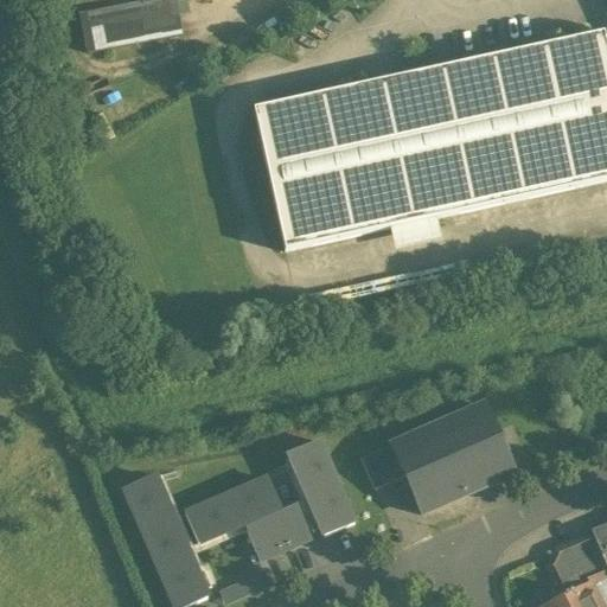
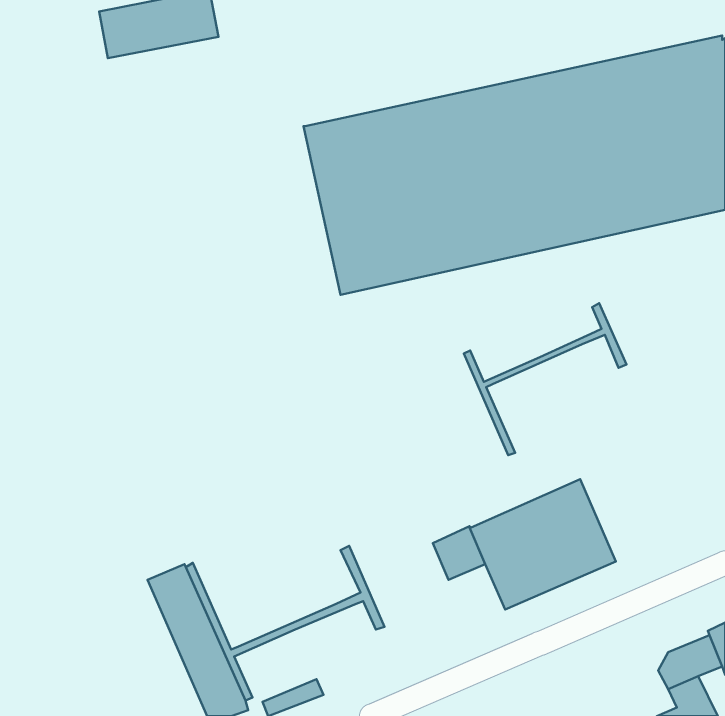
building: none -> [464,303,627,455]
building: [288,436,354,532] -> none
building: [185,474,281,541] -> none
building: [247,505,311,557] -> none

